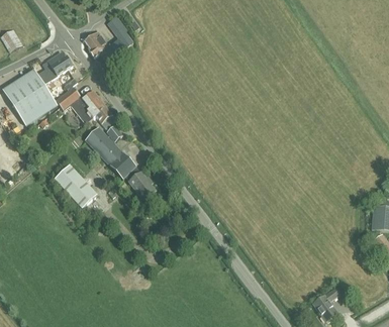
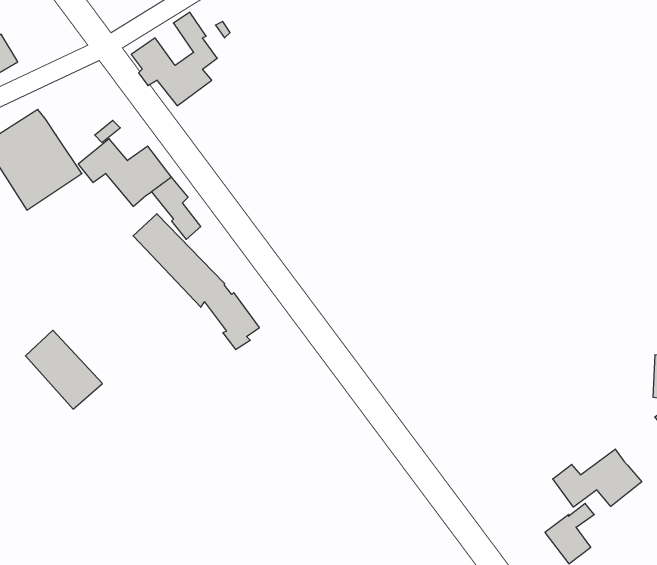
building: [36,51,72,84] -> none
building: [55,164,97,207] -> [25,330,102,409]
building: none -> [553,449,642,507]

